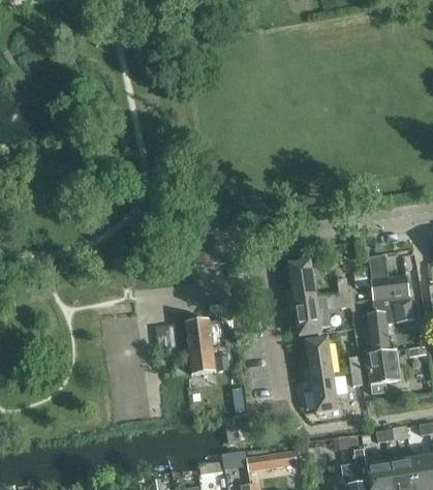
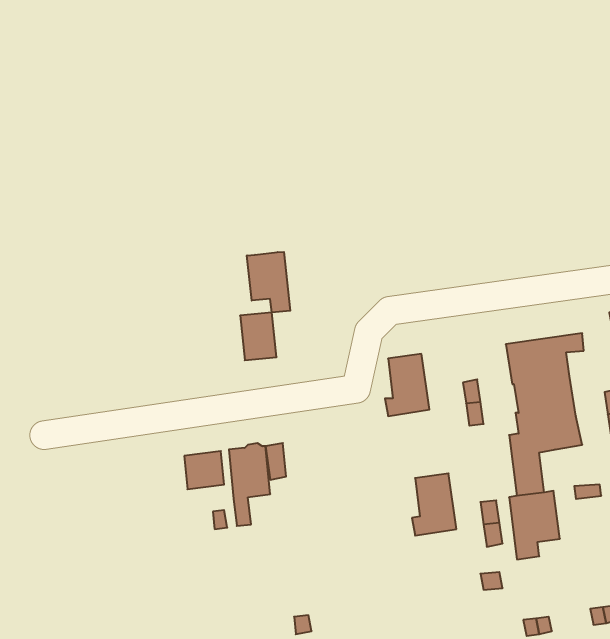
building: none -> [247,252,290,312]
building: [288,294,331,335] -> none
building: [306,373,338,412] -> none

